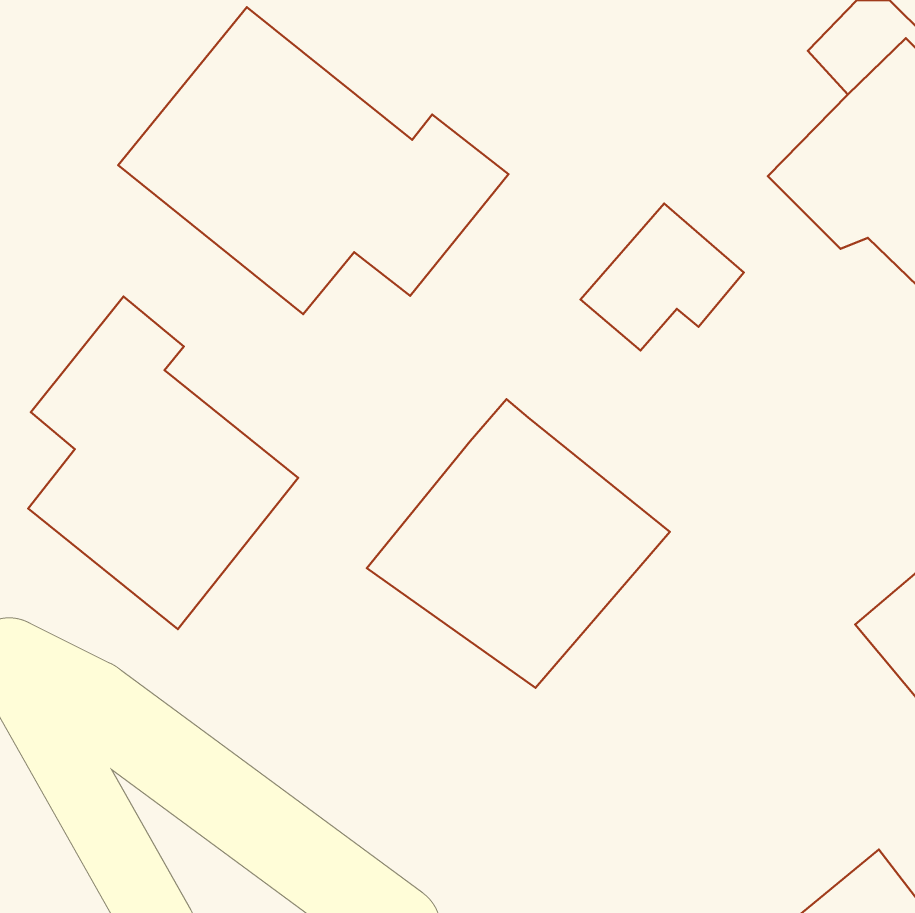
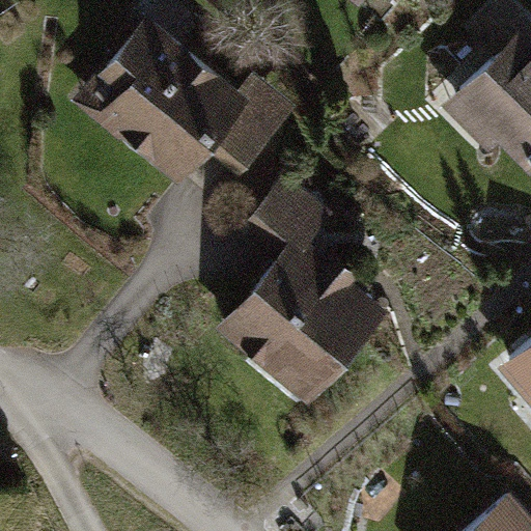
building: [581,203,744,350] -> [242,176,335,260]
building: [28,297,298,629] -> none

